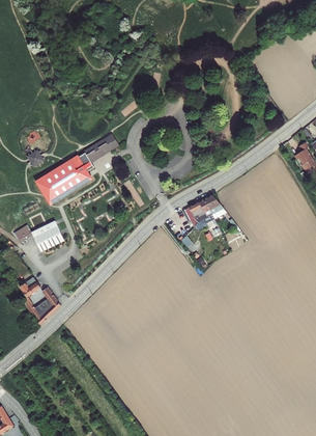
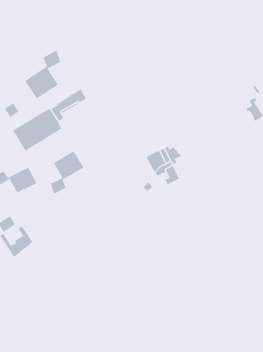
building: none -> [24,49,61,99]
building: none -> [50,150,84,195]

